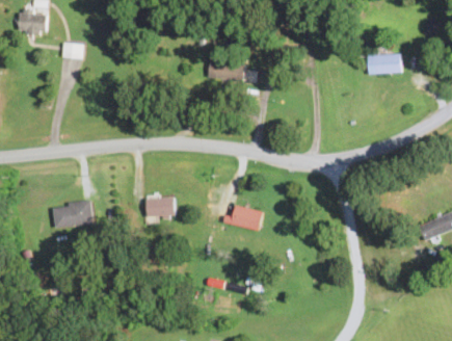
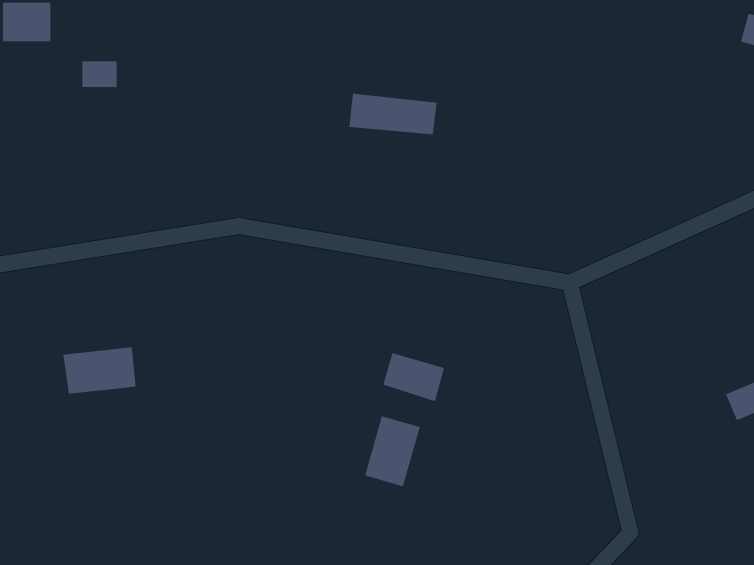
building: [367,55,401,74] -> none
building: [144,198,175,215] -> none
building: none -> [364,415,420,487]

